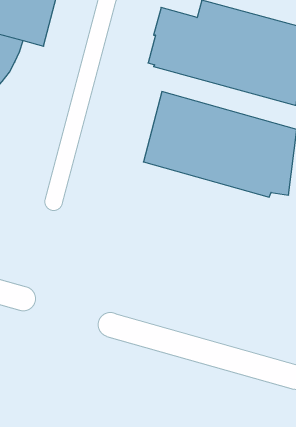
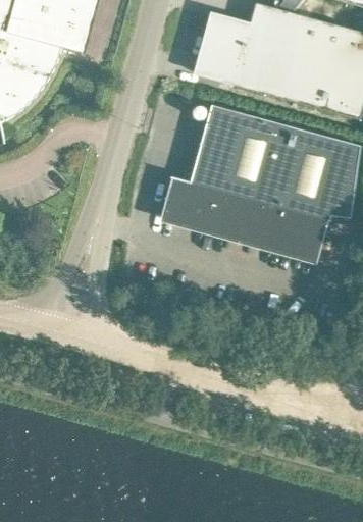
building: none -> [164,176,331,258]

